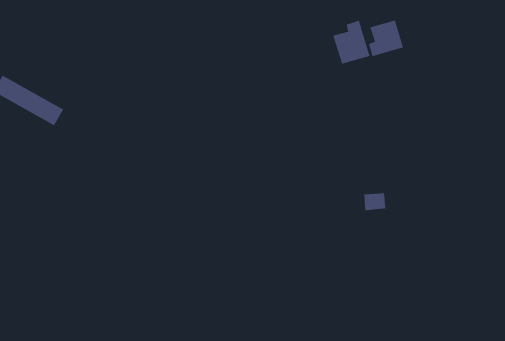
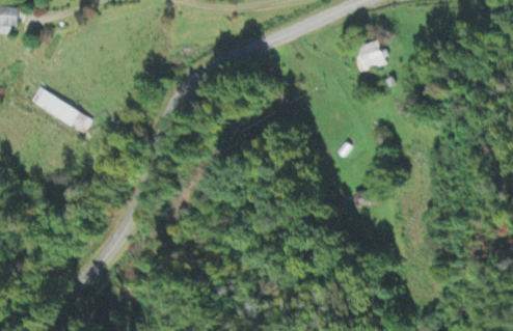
building: [333,20,370,65] -> none

